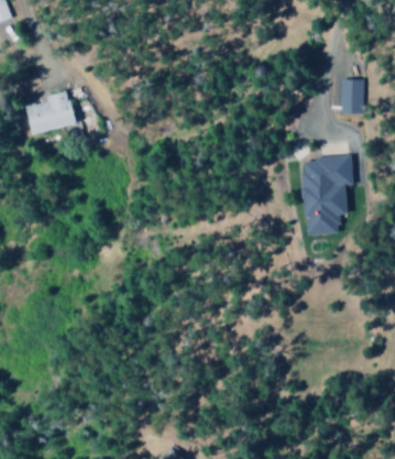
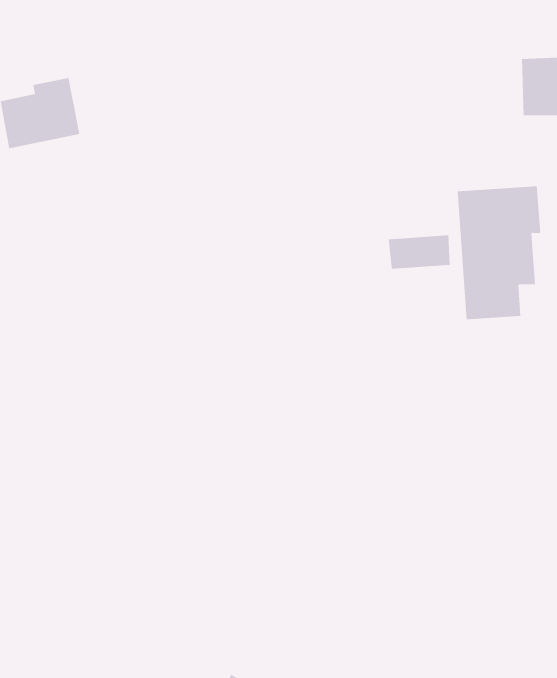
building: none -> [388,235,450,270]

